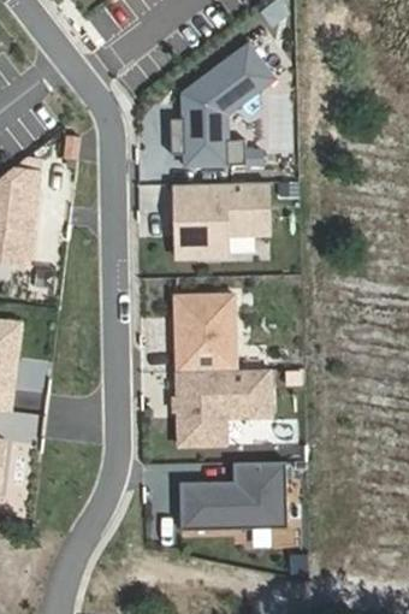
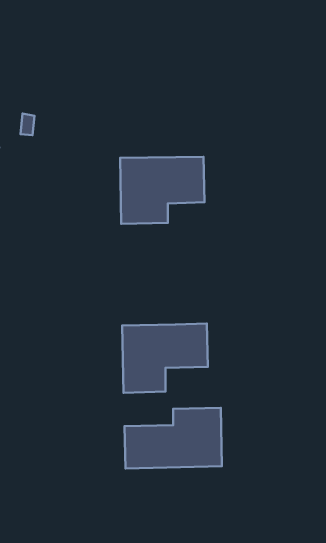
building: [170,43,274,166] -> none
building: [174,295,236,371] -> none

